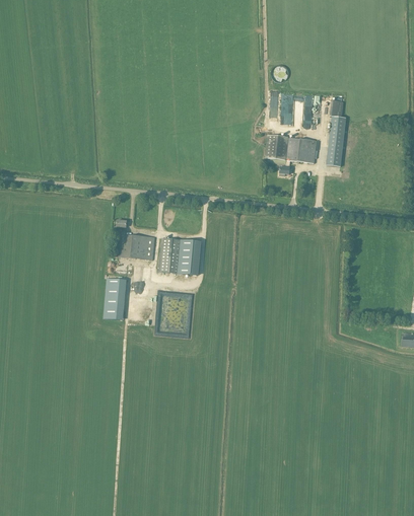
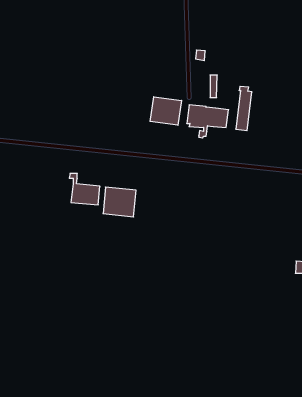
building: none -> [150,97,182,125]
building: [104,278,126,320] -> none

